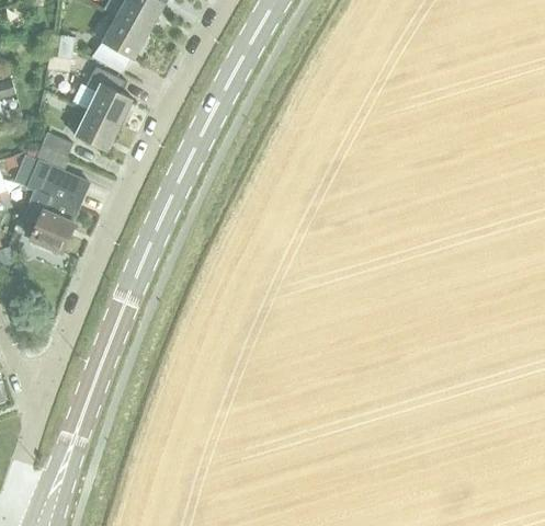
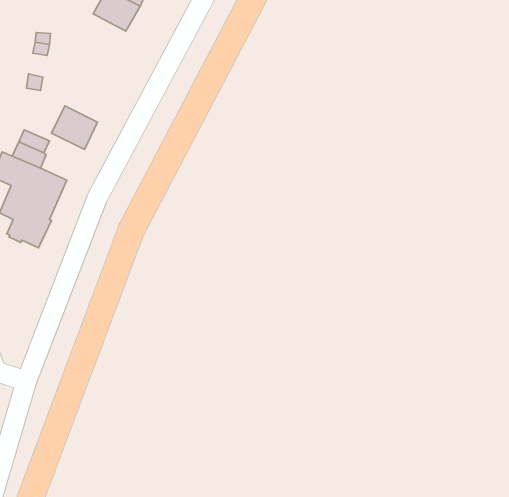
building: [91,16,148,75] -> none
building: [84,66,133,125] -> none

